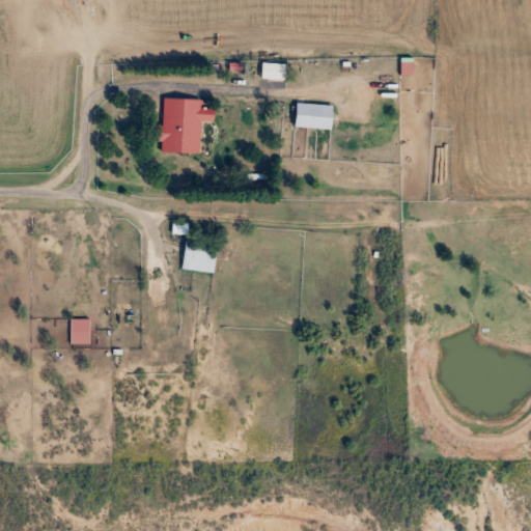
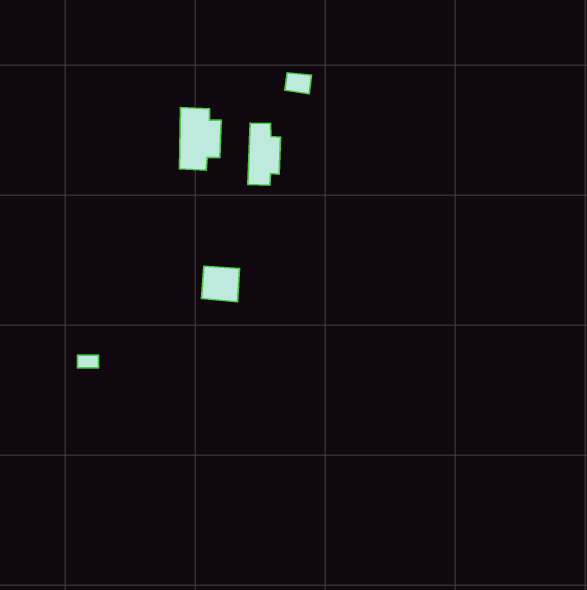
building: [292,106,332,134] -> none
building: none -> [248,123,280,185]

